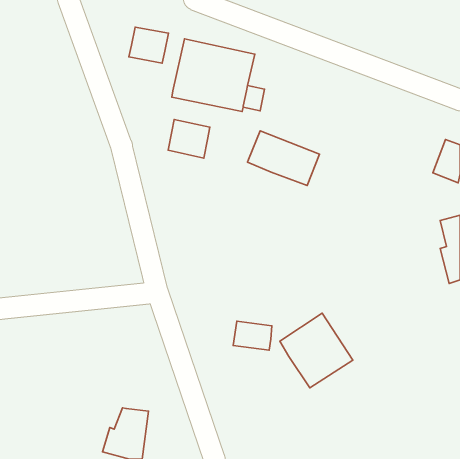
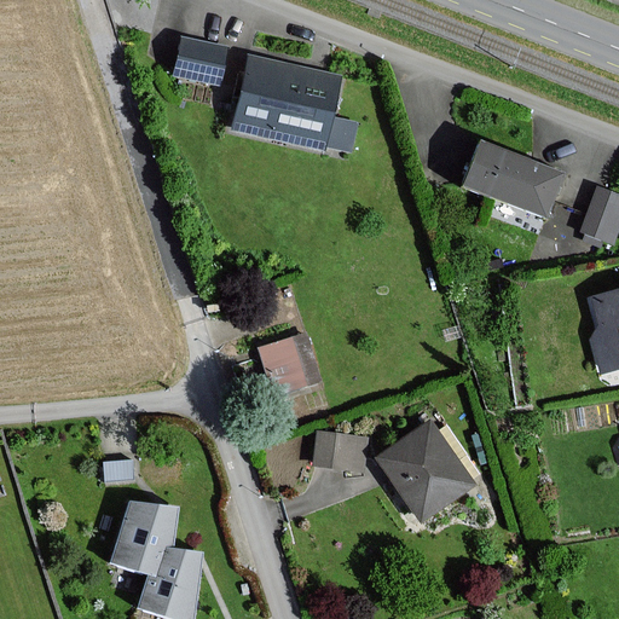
building: [168,119,210,158] -> none
building: [248,131,320,186] -> [463,143,560,216]
building: none -> [260,334,319,395]
building: none -> [110,502,175,577]

